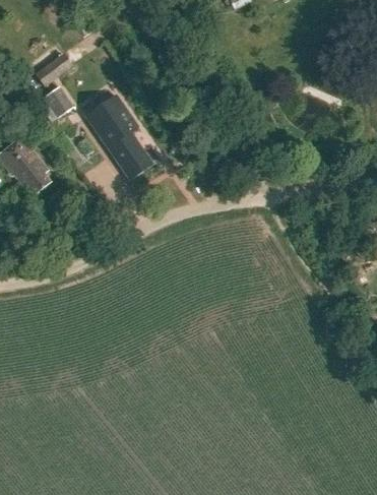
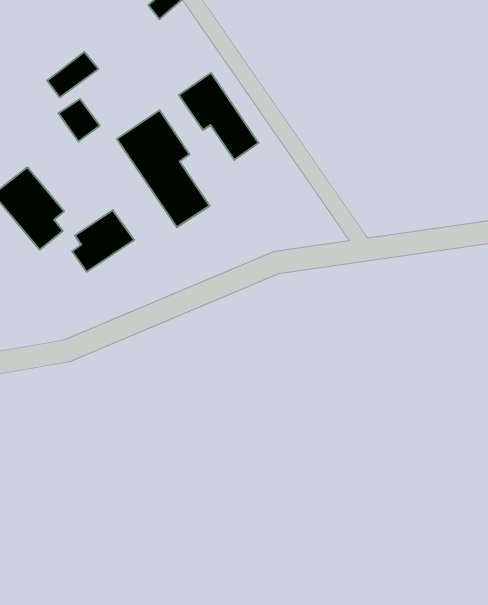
building: none -> [179,73,259,160]
building: none -> [72,210,134,272]

